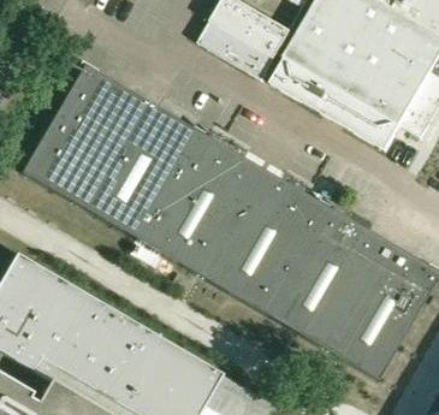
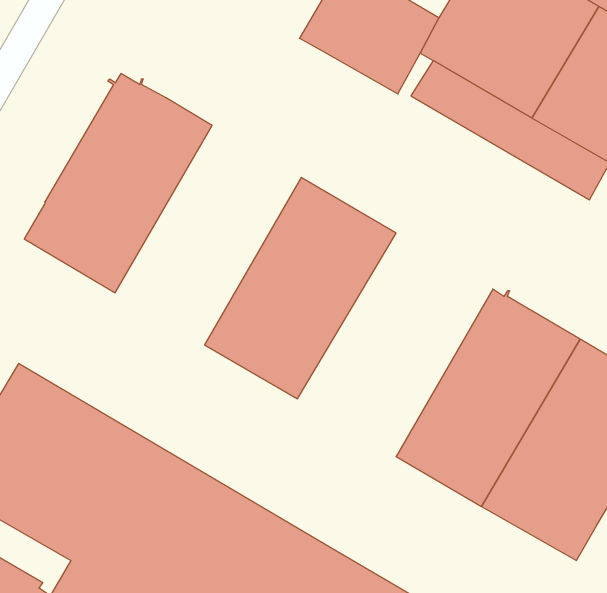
building: [79,97,200,239] -> none
building: [197,167,324,312] -> none

